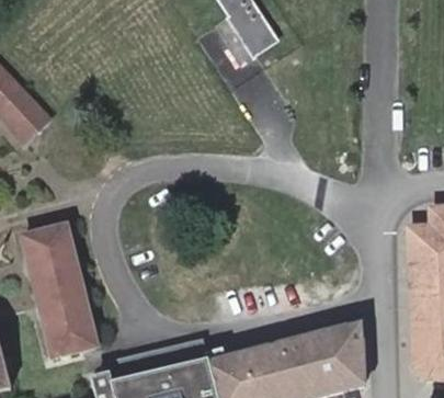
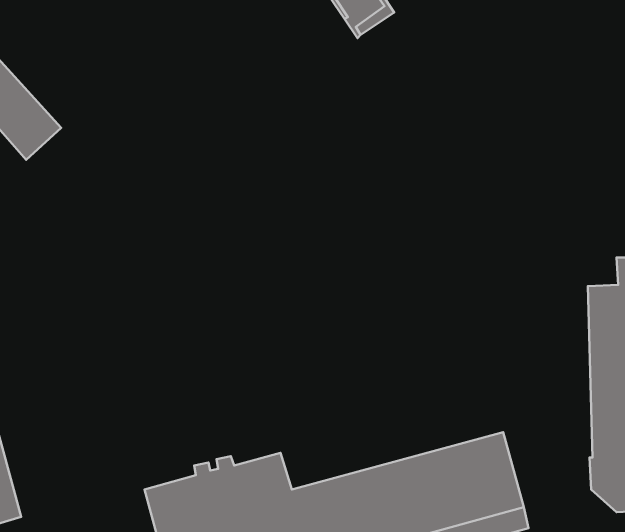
building: [21,223,96,359] -> none

